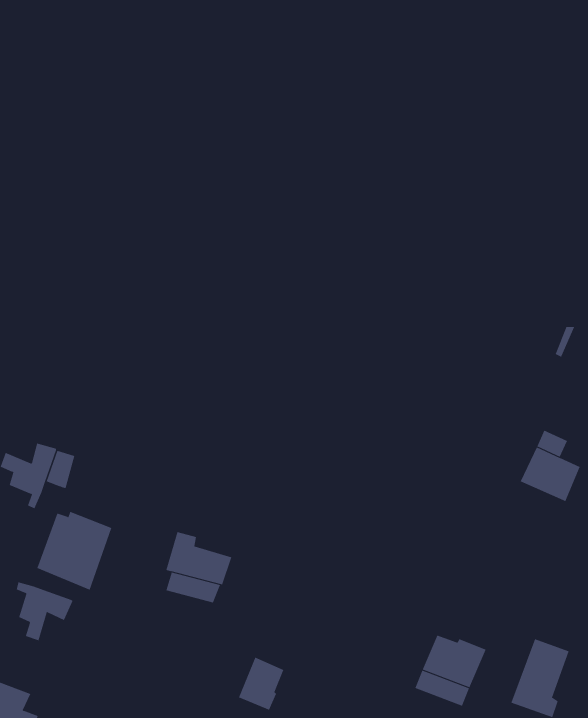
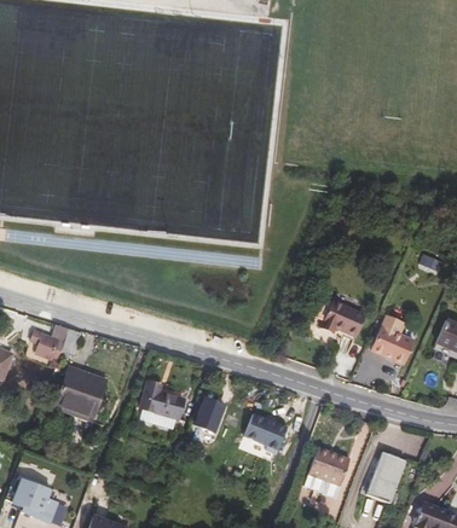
building: none -> [319,300,364,336]
building: none -> [243,414,284,454]
building: [16,582,73,641] -> none
building: [238,657,284,710] -> [192,398,222,433]

